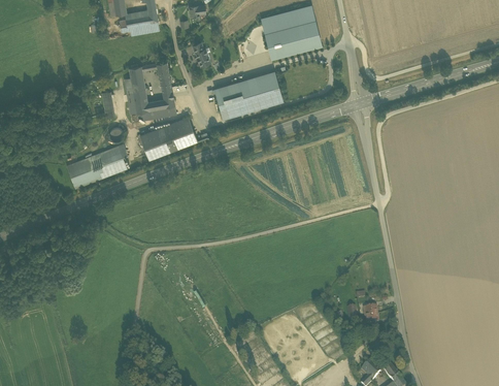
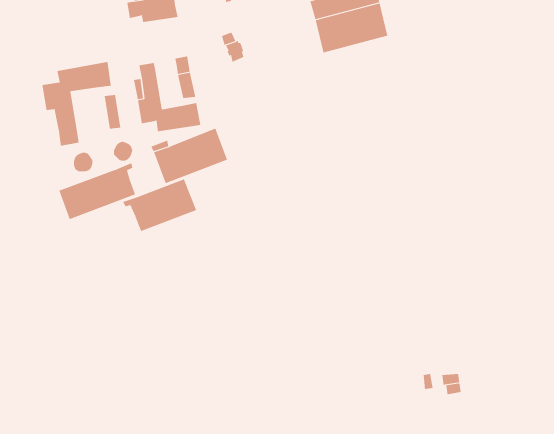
building: none -> [42,61,112,146]
building: [214,70,282,118] -> none
building: none -> [123,178,197,232]

